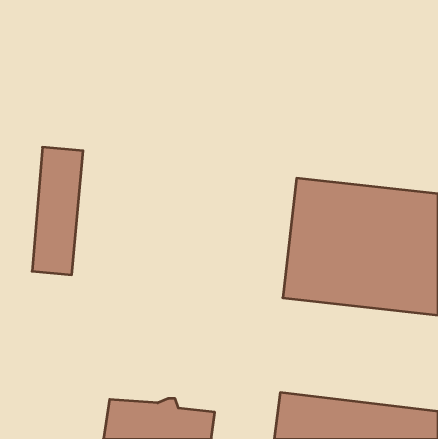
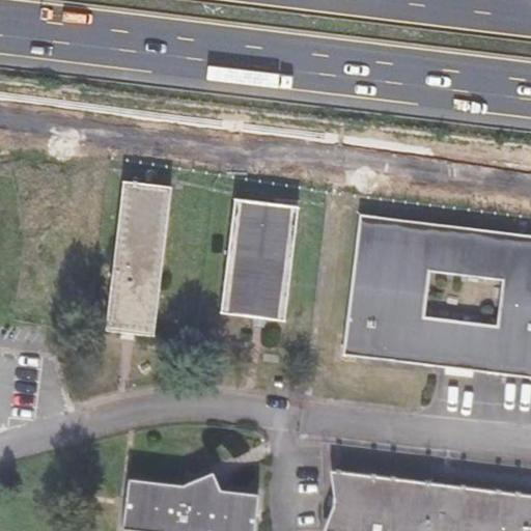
building: [32,147,83,275] -> [109,183,170,336]
building: none -> [222,199,297,320]

